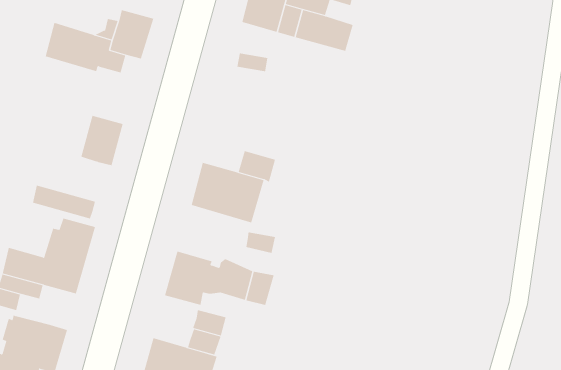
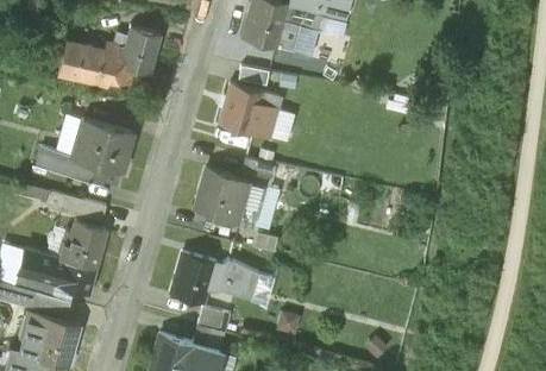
building: none -> [219,83,281,139]
building: none -> [36,119,107,186]
building: none -> [31,293,70,321]

